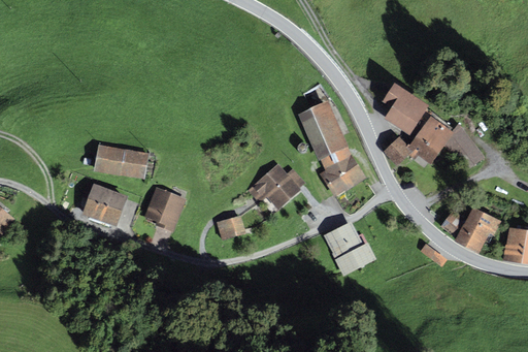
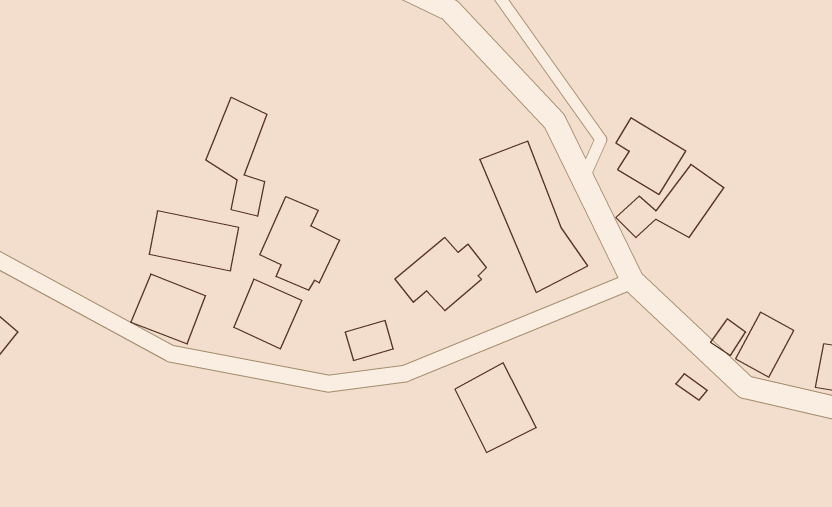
building: none -> [206,97,267,216]
building: [446,124,481,167] -> none
building: none -> [260,197,340,290]
building: [325,221,375,277] -> [455,363,536,452]

